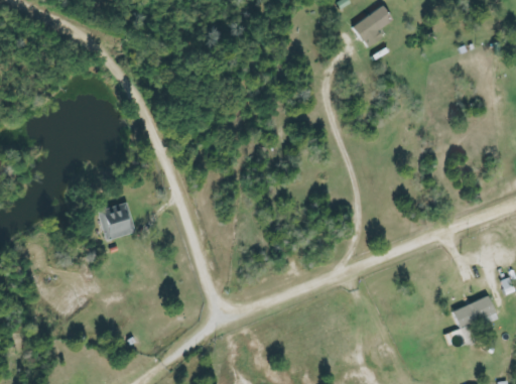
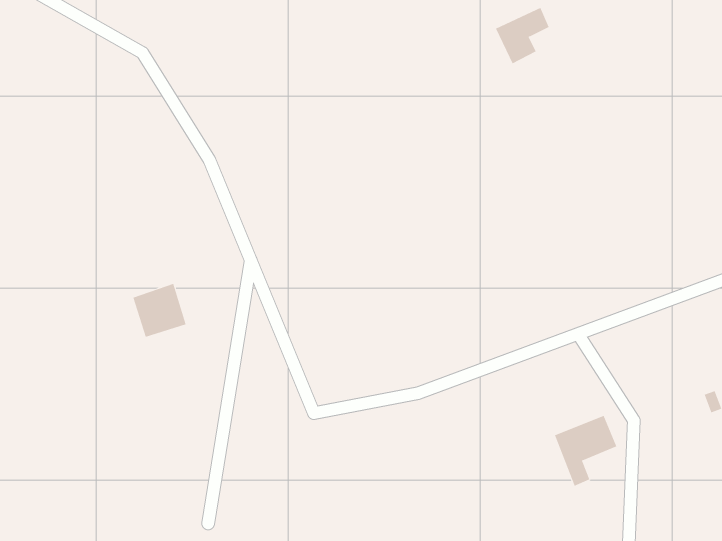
building: [453,295,497,346] -> [554,415,617,487]

